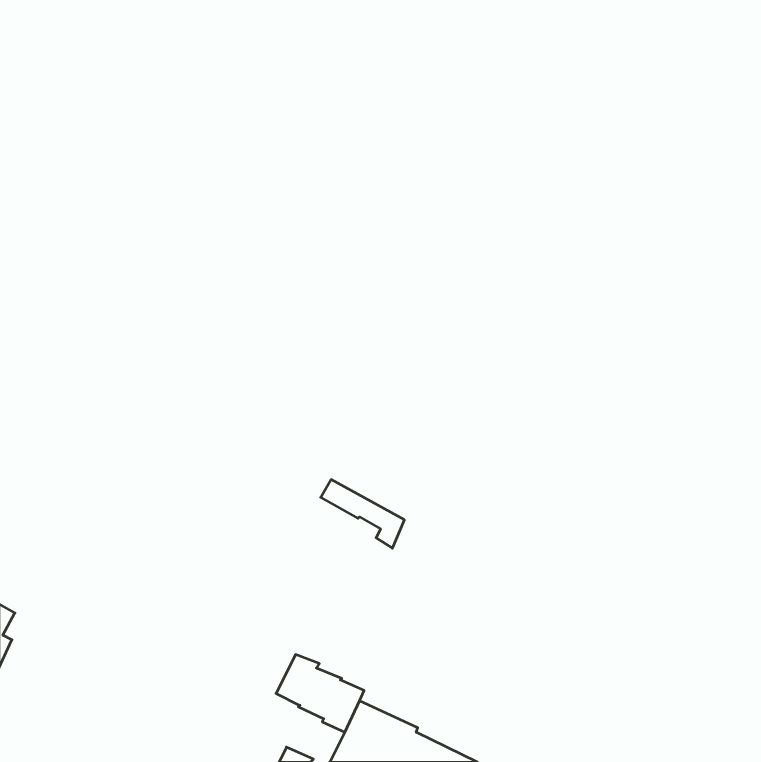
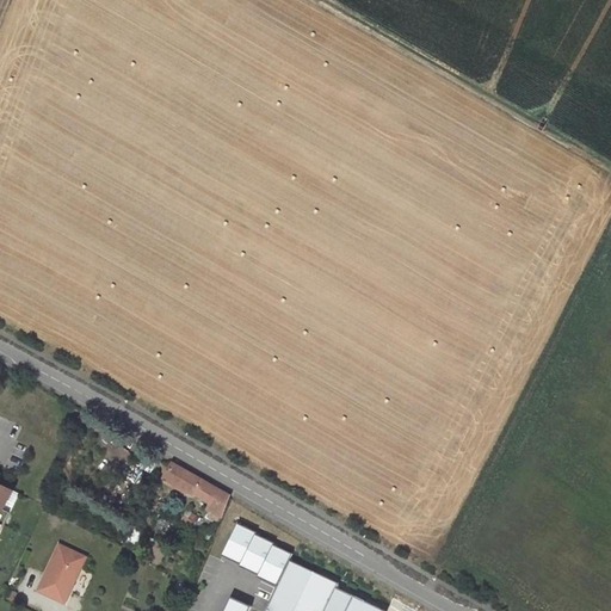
building: [321,480,404,548] -> [162,464,229,519]
building: none -> [37,544,85,603]

